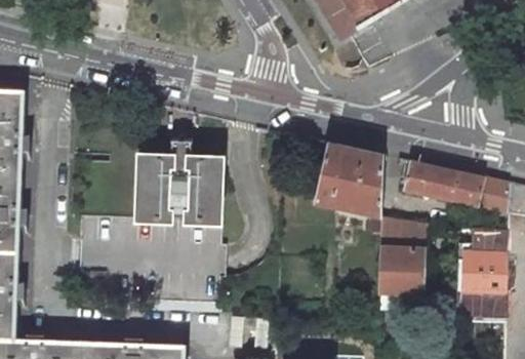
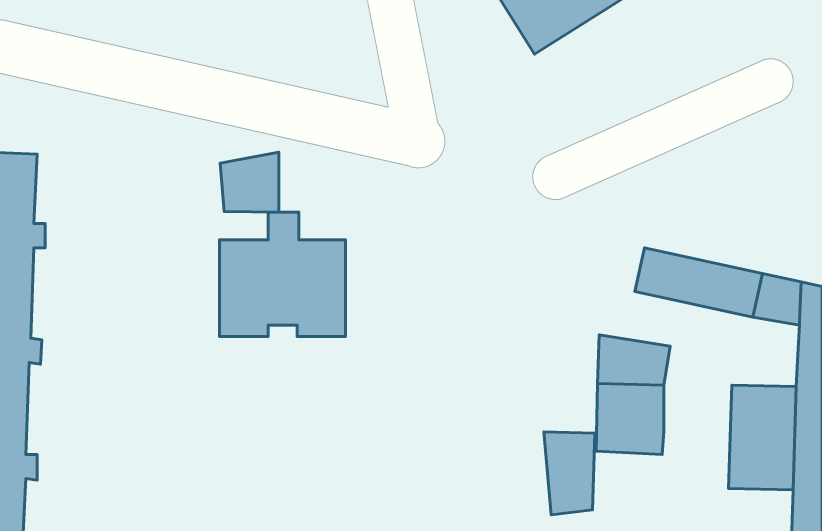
building: none -> [220,152,279,212]
building: [314,142,383,213] -> none
building: none -> [544,432,595,515]

